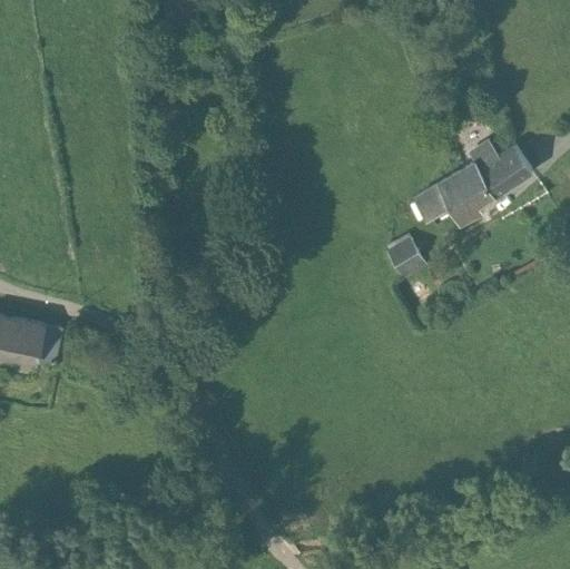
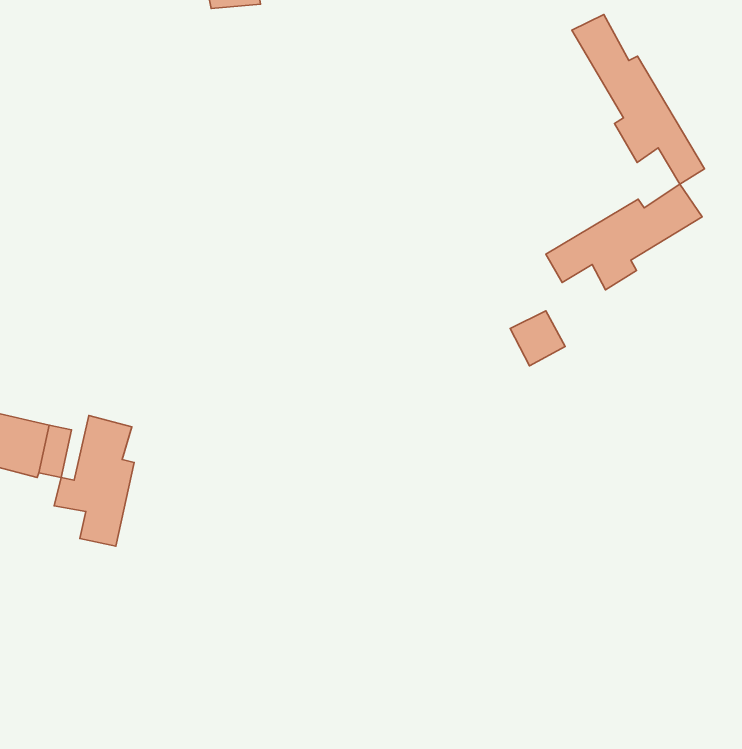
building: none -> [572,15,705,184]
building: none -> [54,415,134,546]

